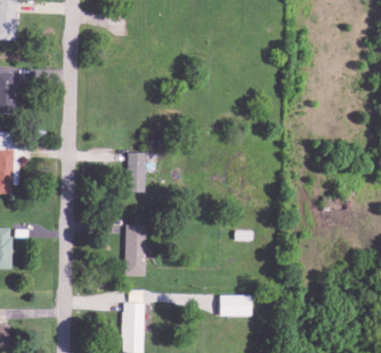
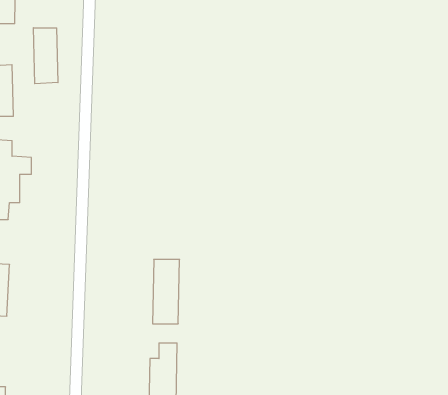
building: none -> [33,28,58,84]
building: [125,151,146,191] -> none
building: [217,295,249,316] -> none

